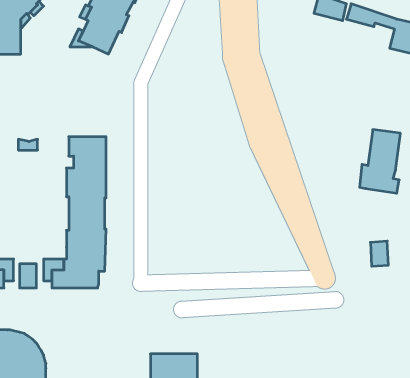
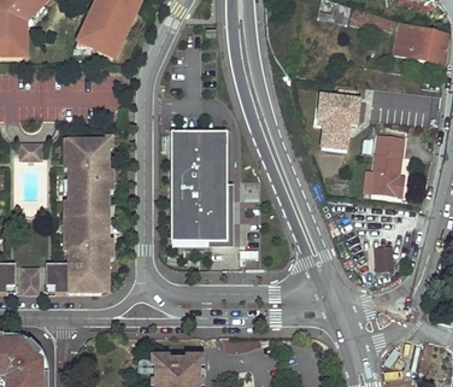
building: none -> [312,88,359,149]
building: none -> [170,133,226,242]

